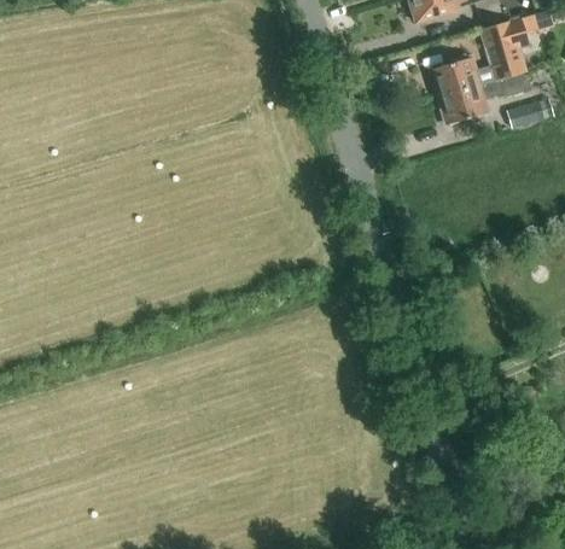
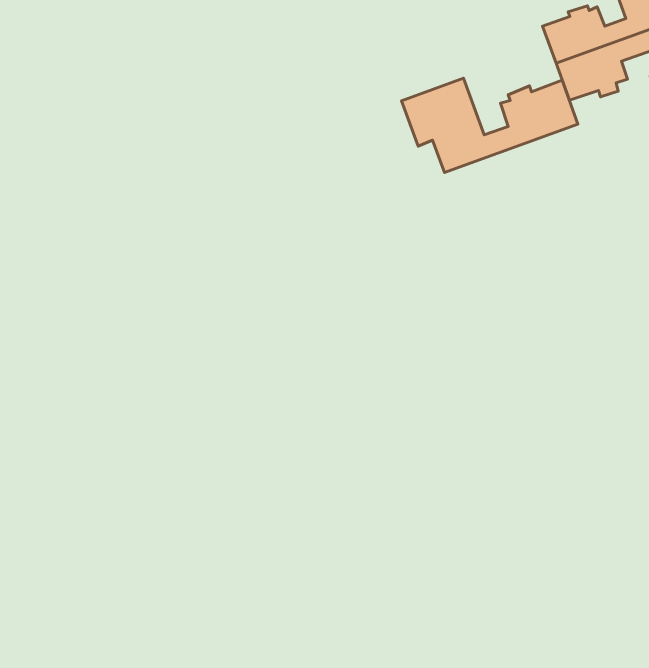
building: none -> [402,78,578,172]

